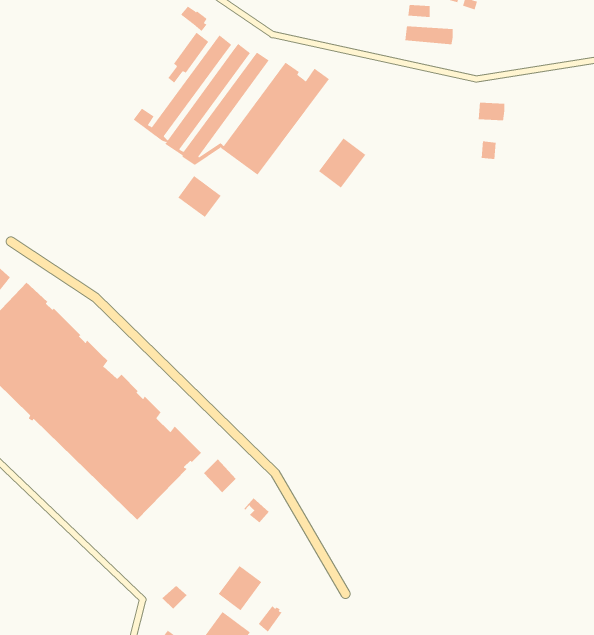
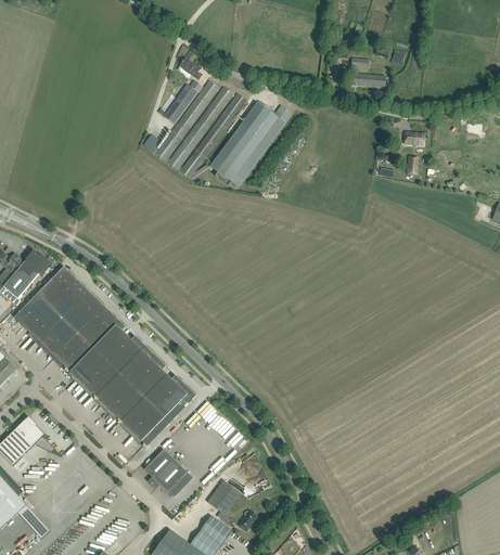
building: [318,137,366,188] -> none
building: [178,175,221,218] -> none
building: none -> [144,449,187,492]

